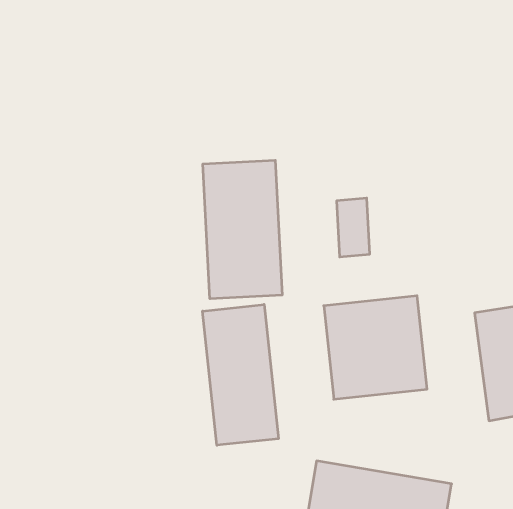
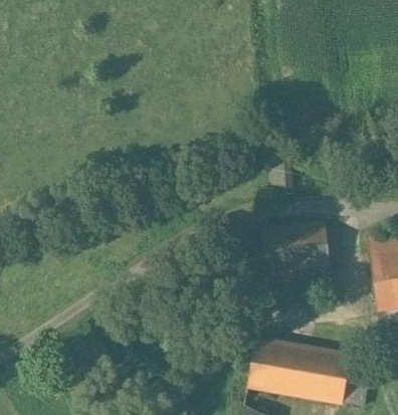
building: [203,160,282,299] -> none
building: [203,304,278,445] -> none

